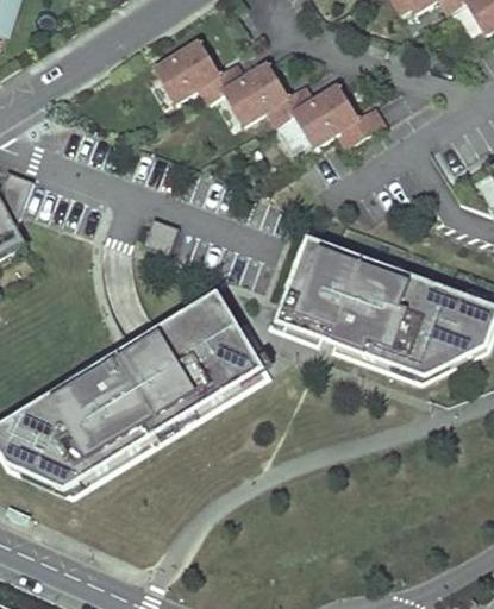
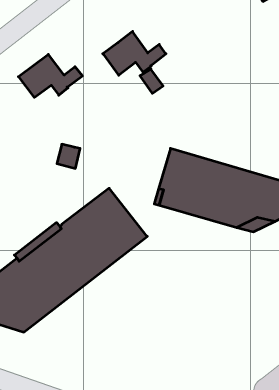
building: [155,42,248,102] -> [18,54,82,97]
building: [292,87,384,149] -> none

